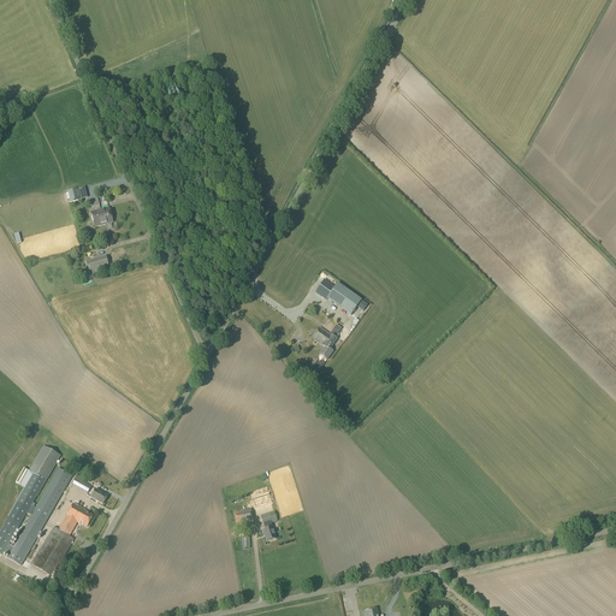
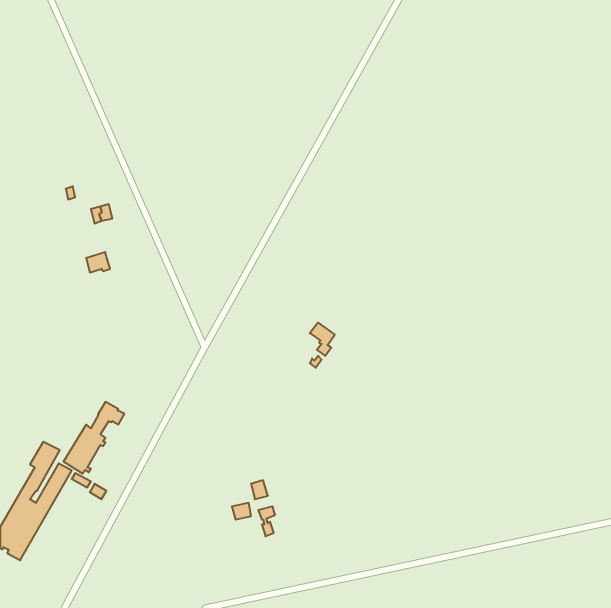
building: [315,278,362,314] -> none
building: [31,502,93,574] -> [63,402,124,474]

